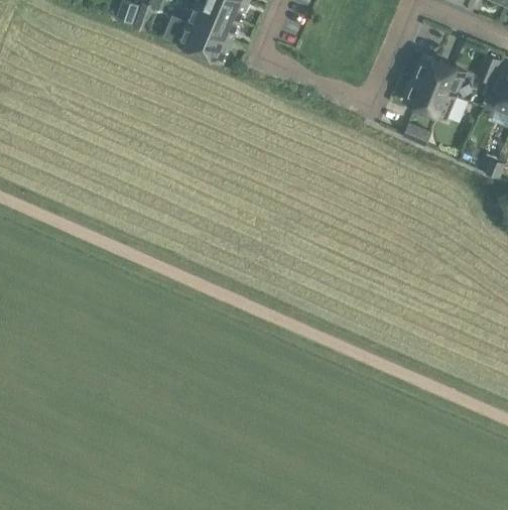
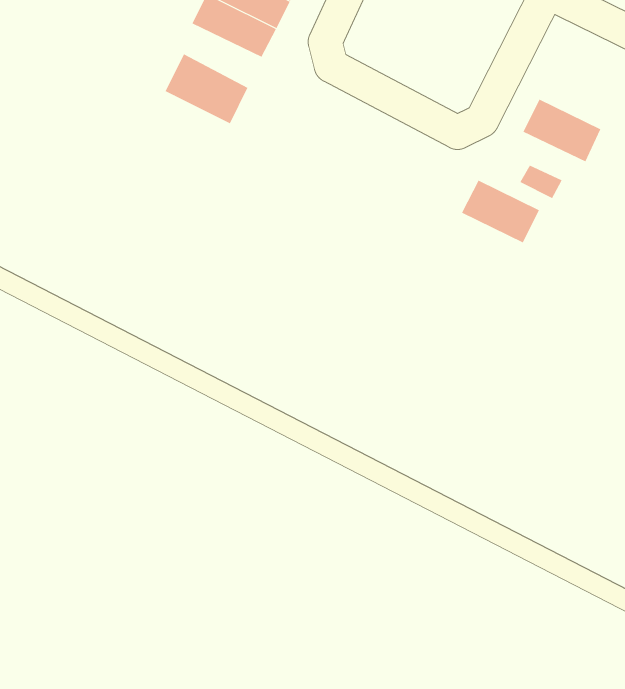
building: [412,53,466,95] -> [461,180,540,243]
building: none -> [165,54,248,124]

